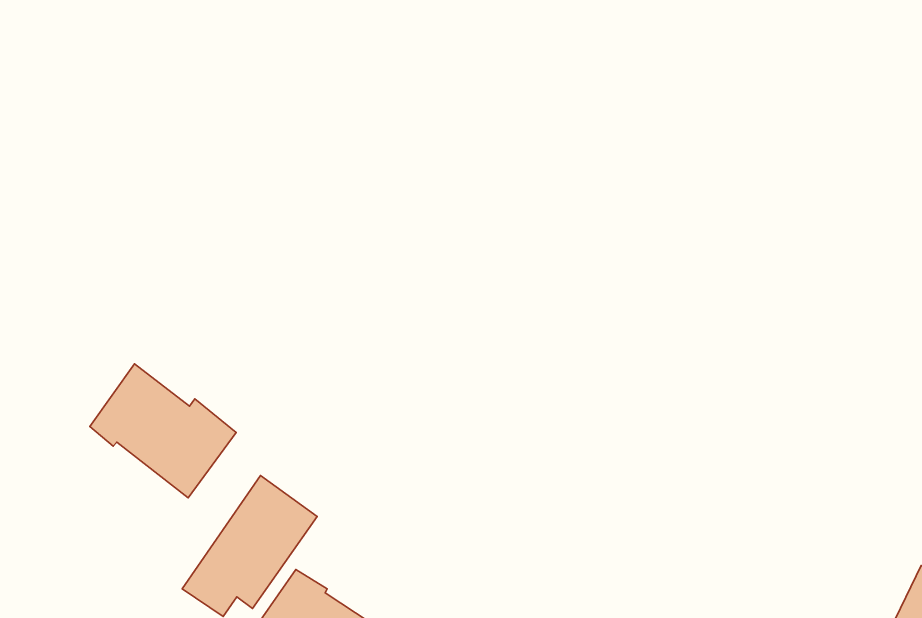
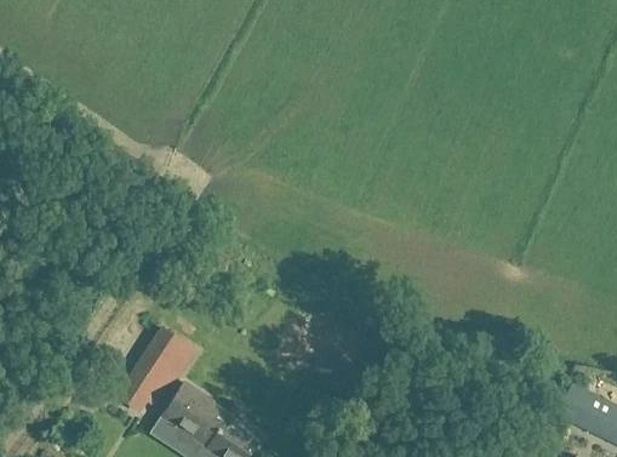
building: [90,364,236,498] -> none

